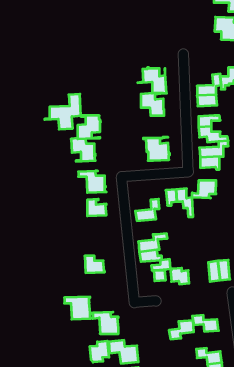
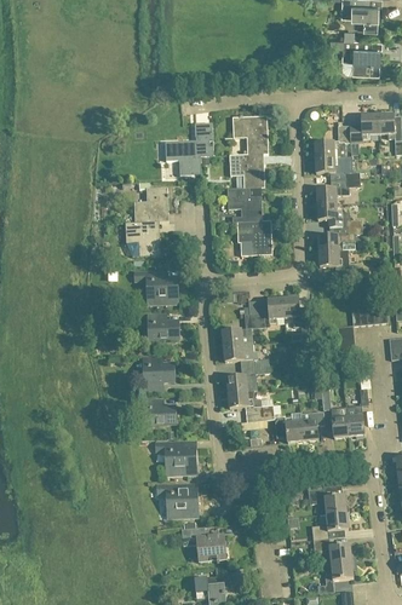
building: [45,94,81,129] -> [159,121,213,174]
building: none -> [228,186,264,220]
building: [192,180,216,198] -> none
building: none -> [224,342,269,365]
building: none -> [144,355,174,390]
building: none -> [300,410,325,439]
building: [64,297,91,319] -> [156,439,196,473]
building: [169,321,194,339] -> [311,511,349,538]
building: [90,341,109,362] -> none

